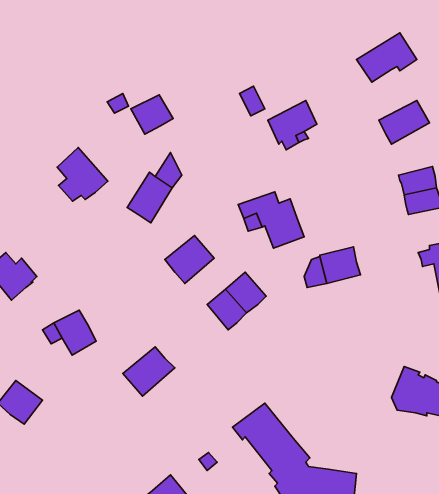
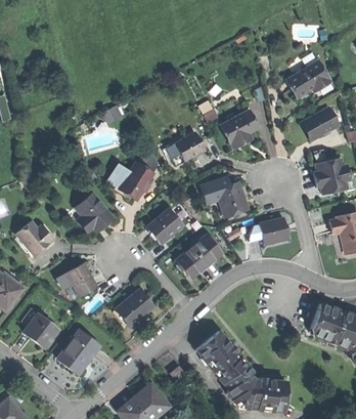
building: [131,95,173,134] -> [174,132,205,161]
building: [57,148,108,201] -> [76,193,113,232]
building: none -> [57,330,98,370]

